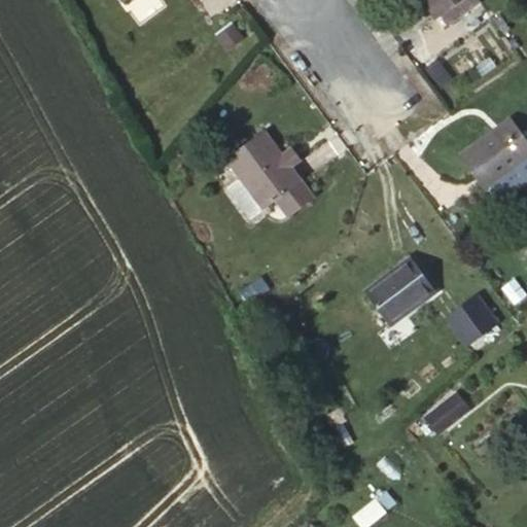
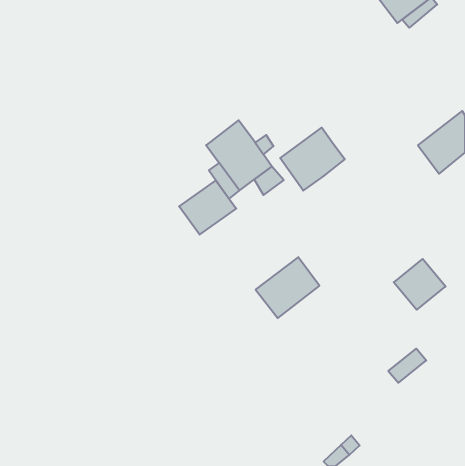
building: none -> [280,128,345,191]
building: none -> [179,180,236,235]
building: [365,256,436,324] -> [256,257,319,318]

